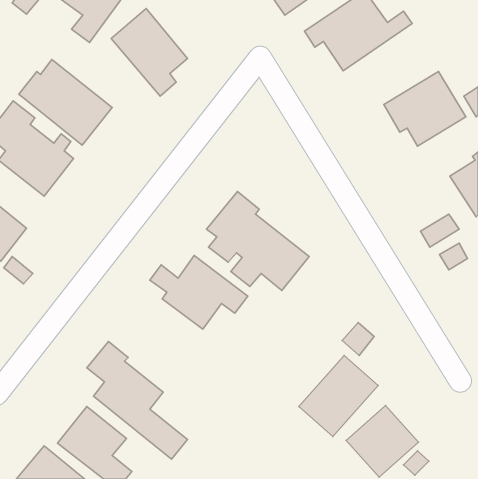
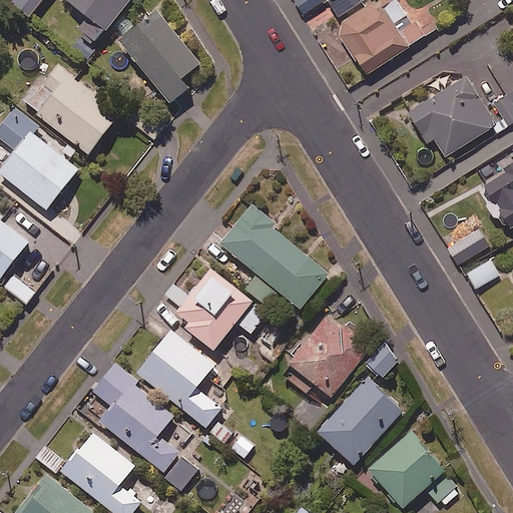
building: none -> [289,316,373,397]
building: none -> [137,330,230,441]

